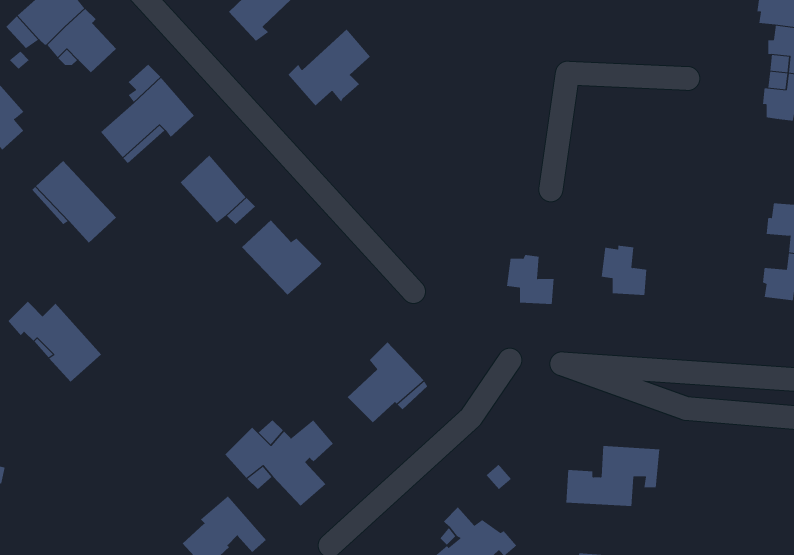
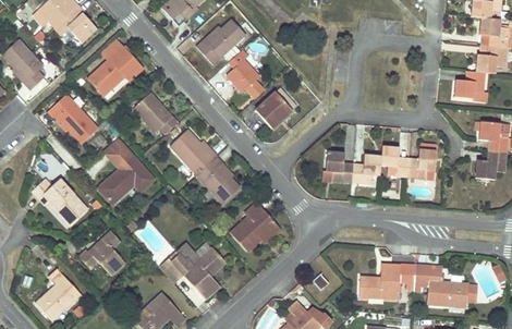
building: none -> [227,49,265,98]
building: none -> [454,71,486,98]
building: none -> [254,86,295,127]
building: none -> [407,148,437,178]
building: none -> [98,151,153,204]
building: none -> [353,154,382,183]
building: none -> [197,158,241,204]
building: none -> [77,231,124,276]
building: none -> [414,266,475,305]
building: none -> [36,268,81,318]

